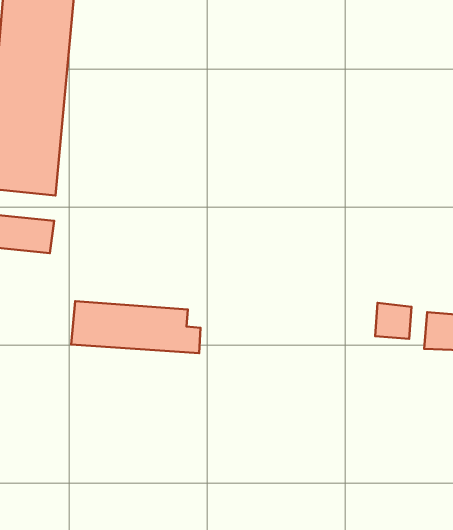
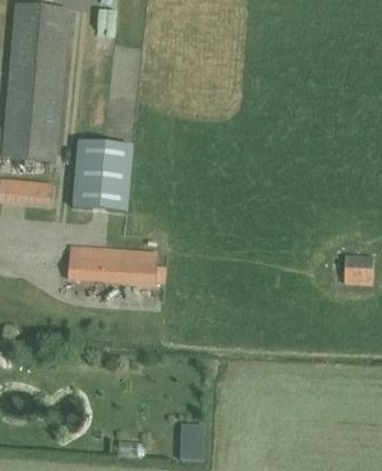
building: none -> [72,139,134,212]
building: [375,303,412,339] -> none

